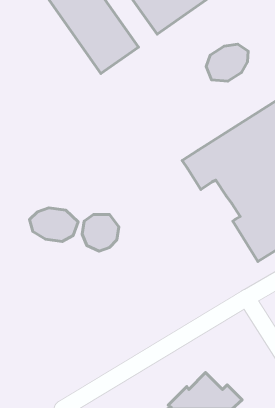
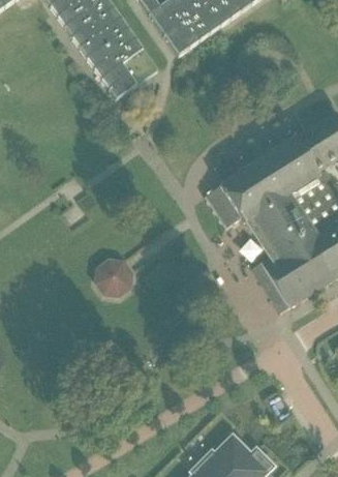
building: [206,44,248,81] -> none
building: [30,208,78,241] -> none

